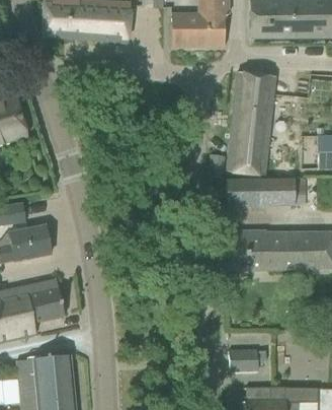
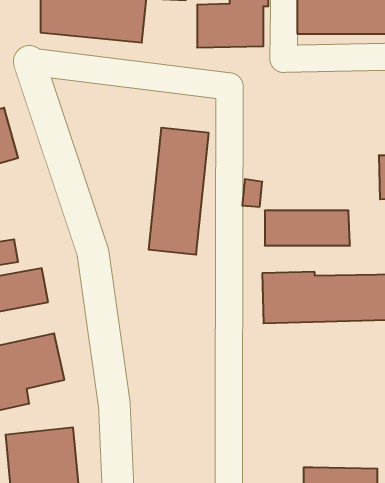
building: [227,71,275,174] -> [149,128,209,255]
building: [229,349,257,370] -> none

